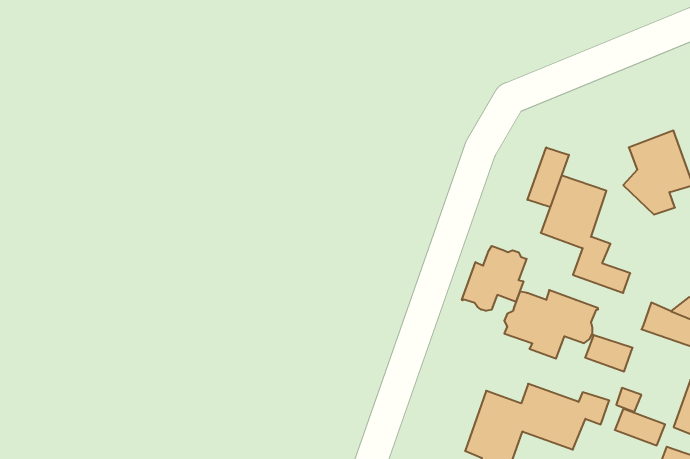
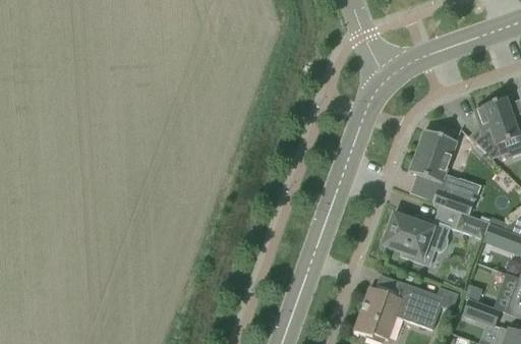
building: [527,147,569,207] -> none
building: [462,246,527,311] -> none
building: [585,335,633,371] -> [455,213,489,239]

